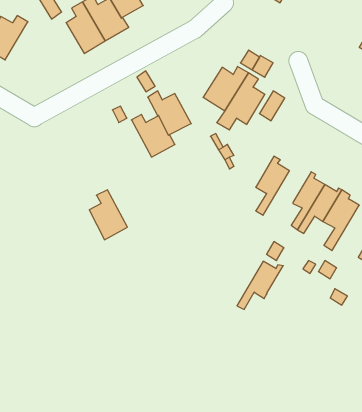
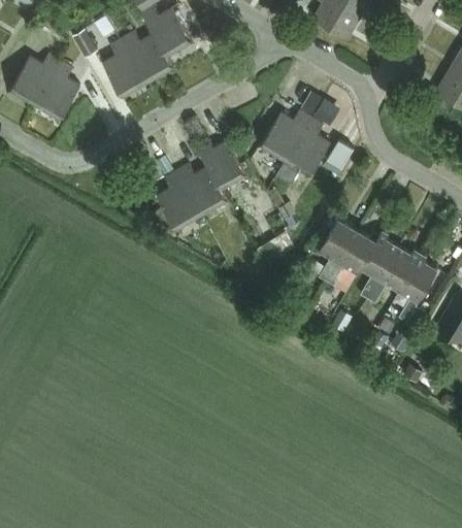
building: none -> [35,60,80,118]
building: [89,190,127,240] -> [158,171,201,228]
building: [237,261,283,309] -> [328,229,381,284]

